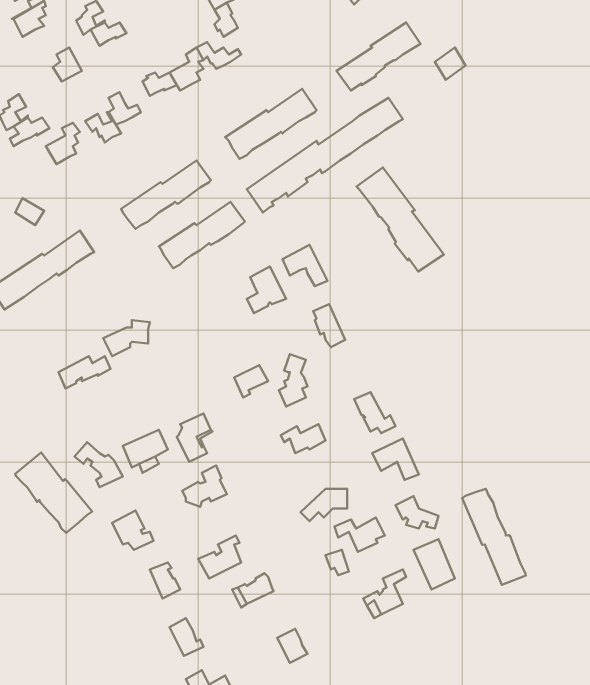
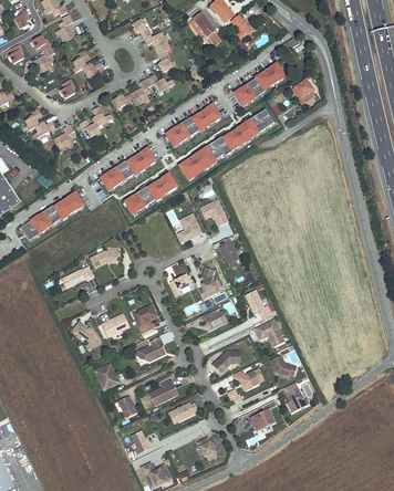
building: [356,167,444,272] -> none
building: [15,453,92,533] -> none
building: [462,489,526,585] -> none

